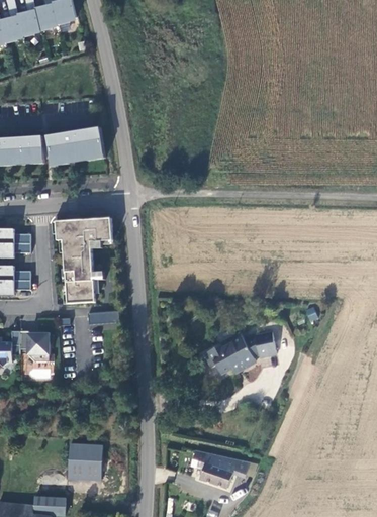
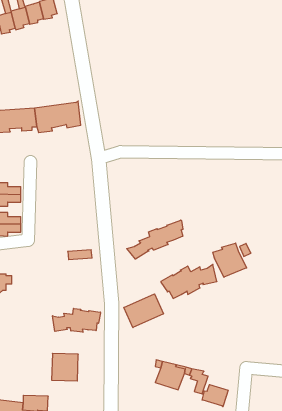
building: [55,218,111,305] -> none
building: none -> [127,220,183,259]
building: none -> [213,243,247,277]
building: [18,332,49,363] -> none
building: none -> [124,294,163,328]
building: none -> [53,308,101,332]
building: none -> [202,385,228,407]

